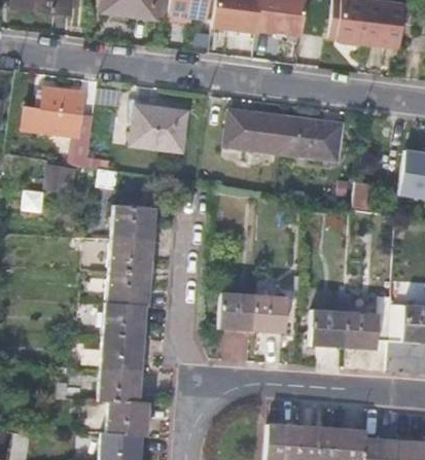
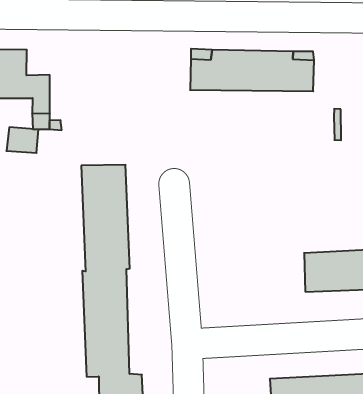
building: [132,104,190,152] -> none
building: [219,291,287,333] -> none

